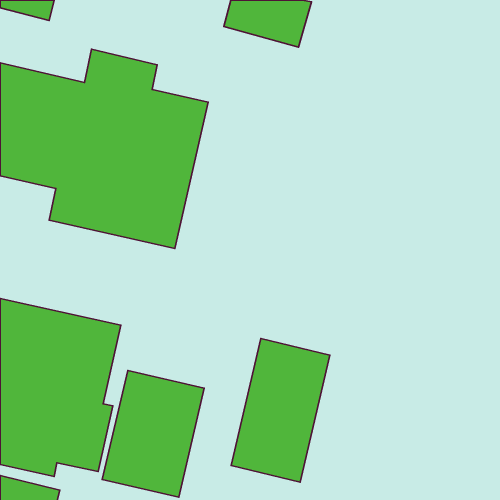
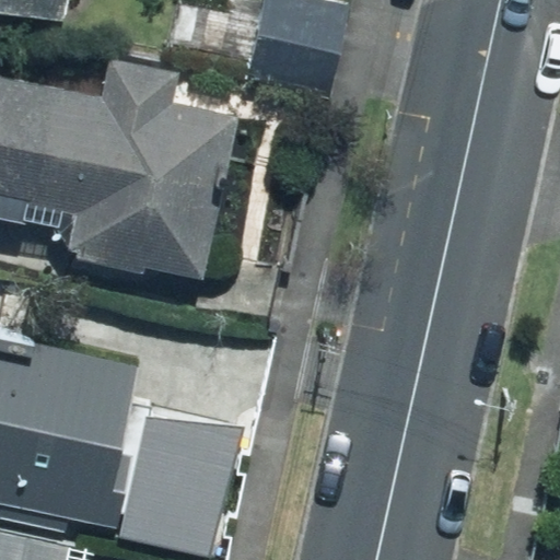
building: [231,339,330,482] -> none

